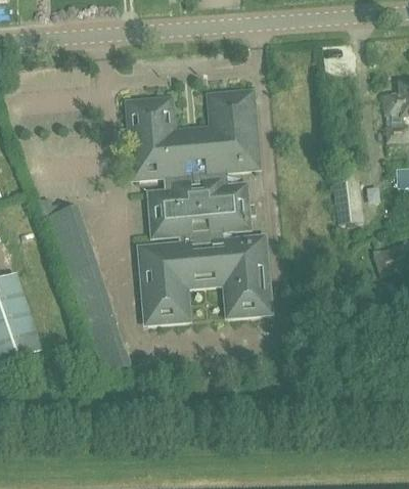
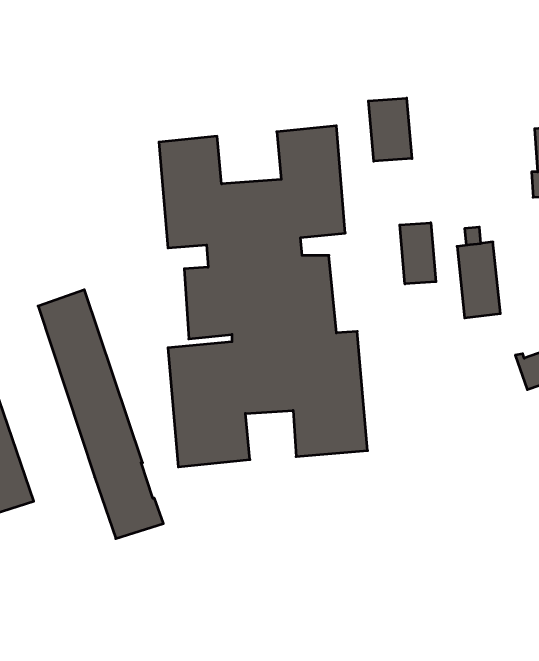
building: none -> [368,98,412,161]
building: none -> [400,223,436,284]

